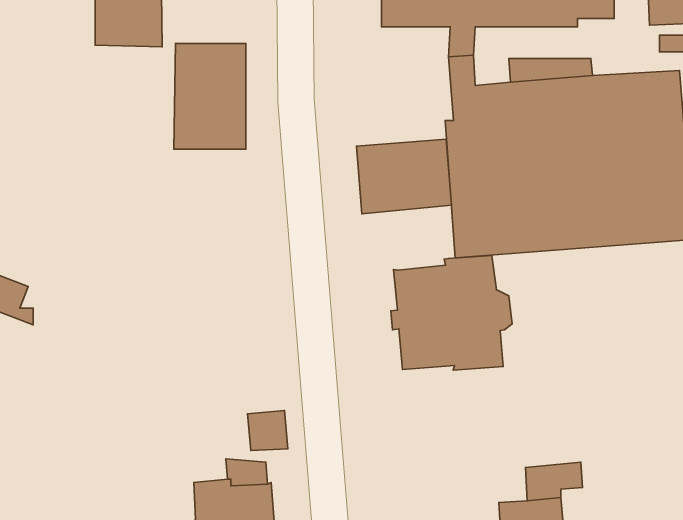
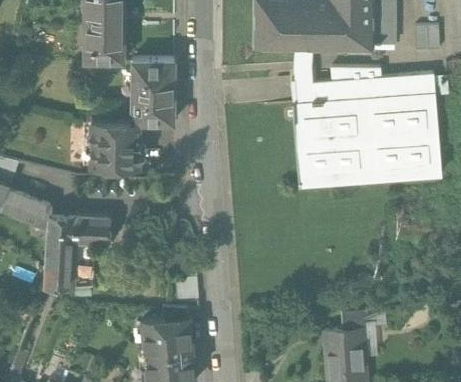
building: [357,139,451,214] -> none
building: none -> [83,123,139,166]
building: [391,255,512,370] -> none
building: none -> [44,218,107,288]

